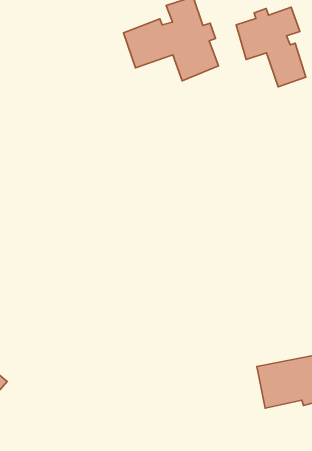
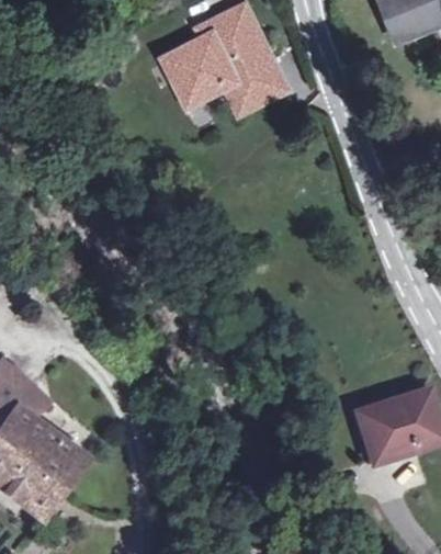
building: [236,7,306,87] -> none

